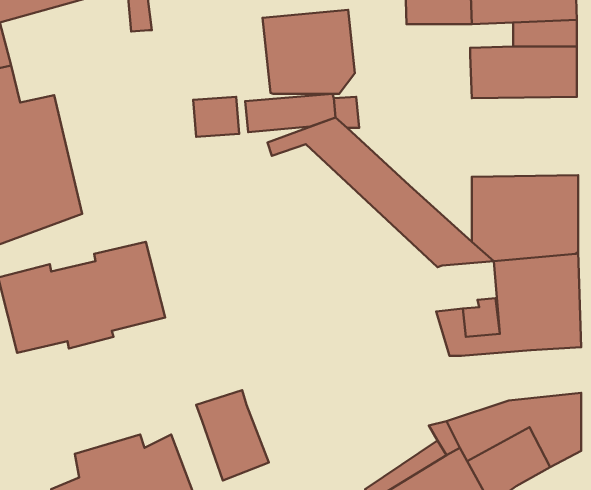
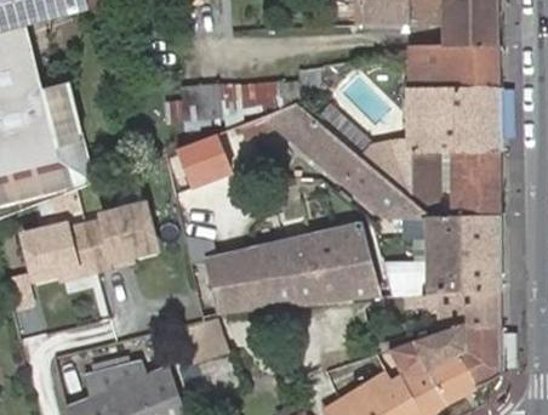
building: [263,10,355,94] -> none
building: none -> [359,83,497,201]
building: none -> [177,131,230,181]
building: none -> [190,227,378,318]
building: none -> [401,288,500,331]

